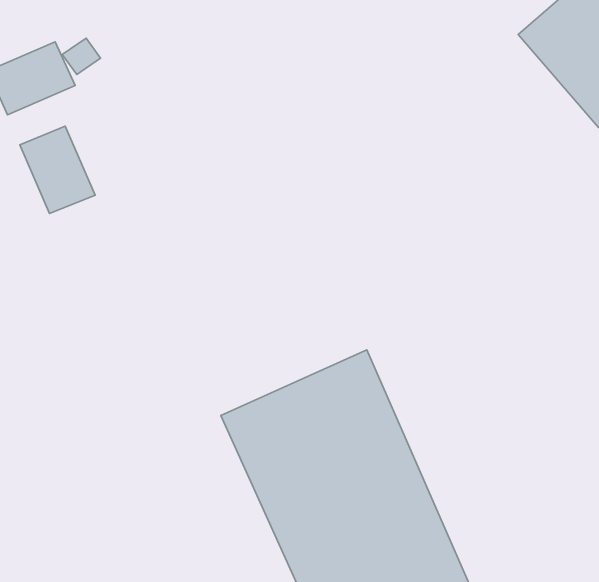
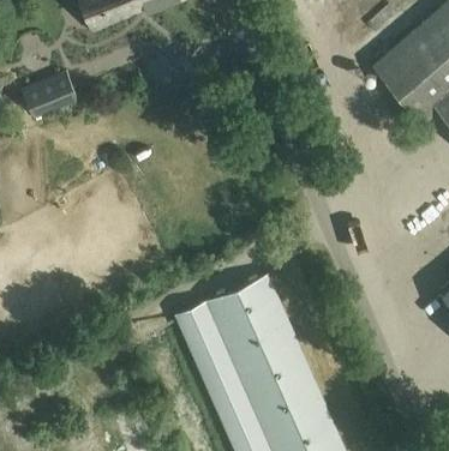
building: [20,126,95,214] -> none

